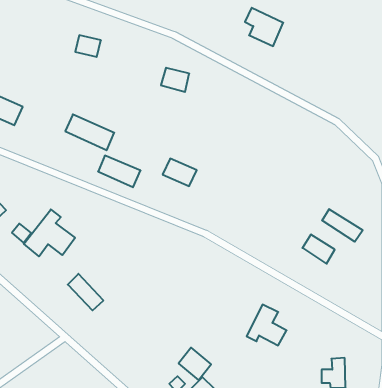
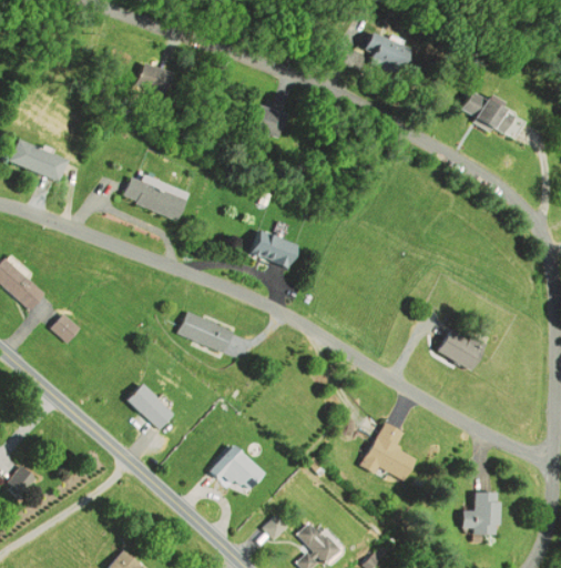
building: none -> [461,92,524,141]
building: [98,156,141,187] -> [177,311,234,353]
building: [322,209,363,242] -> none
building: [24,209,75,256] -> none
building: [179,348,211,380] -> [218,449,262,493]

